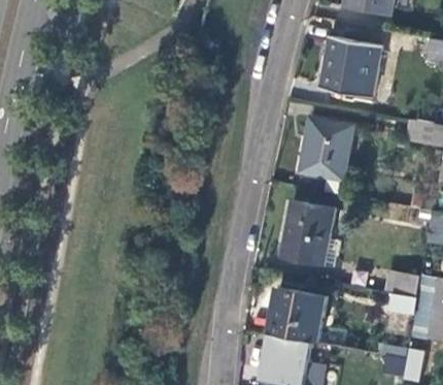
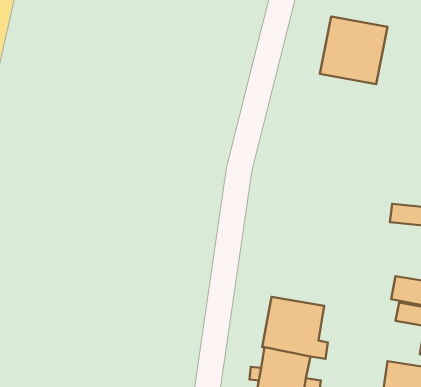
building: [300,120,350,179] -> none
building: [280,201,332,263] -> none

